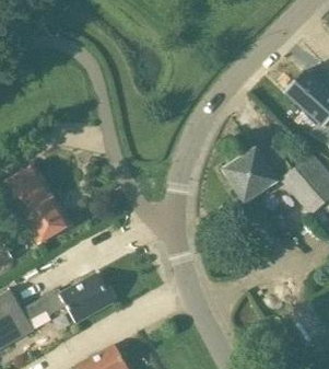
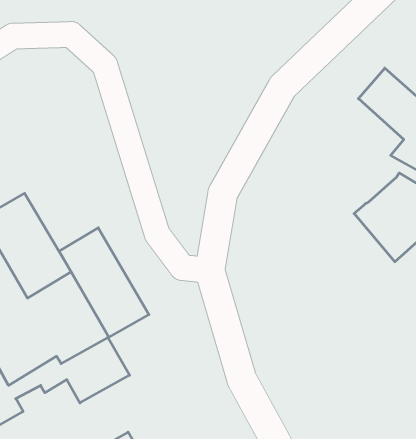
building: [225,146,292,201] -> none
building: none -> [59,228,149,337]

